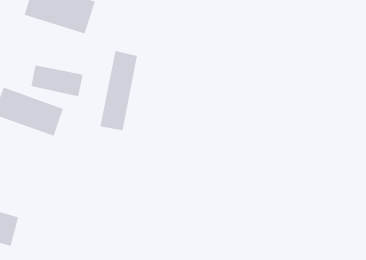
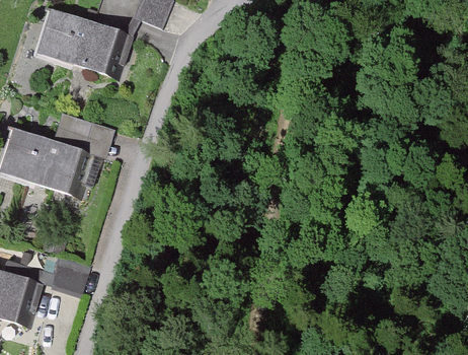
building: [99,50,138,131] -> none

